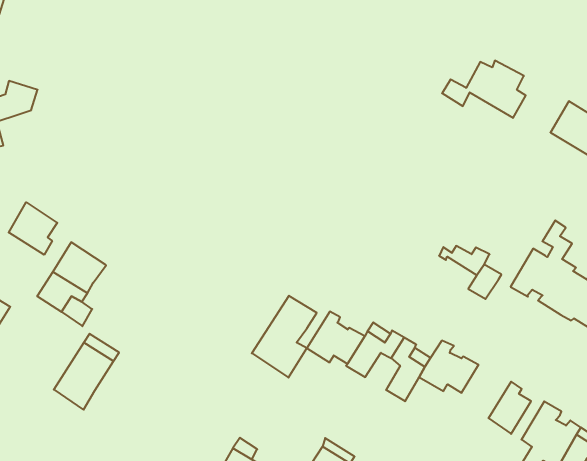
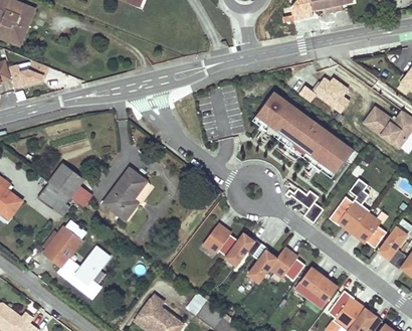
building: none -> [255,89,355,172]
building: [9,202,57,255] -> none
building: [252,296,317,378] -> [104,169,146,219]
building: none -> [57,247,110,299]
building: none -> [294,269,325,297]

